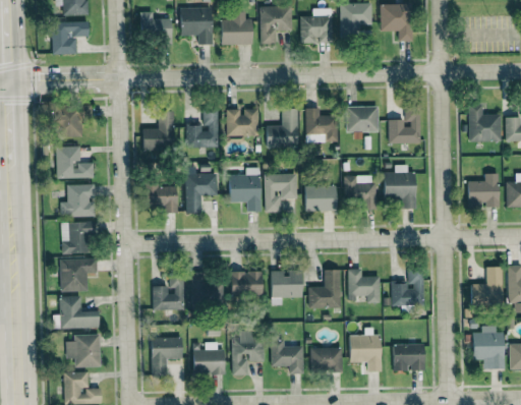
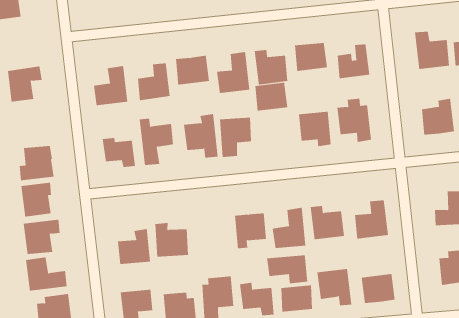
building: [56,146,94,178] -> none
building: [305,184,337,211] -> [255,82,288,111]
building: [231,272,263,296] -> none
building: none -> [266,255,308,284]

